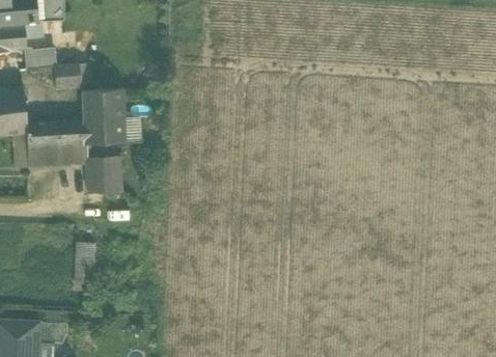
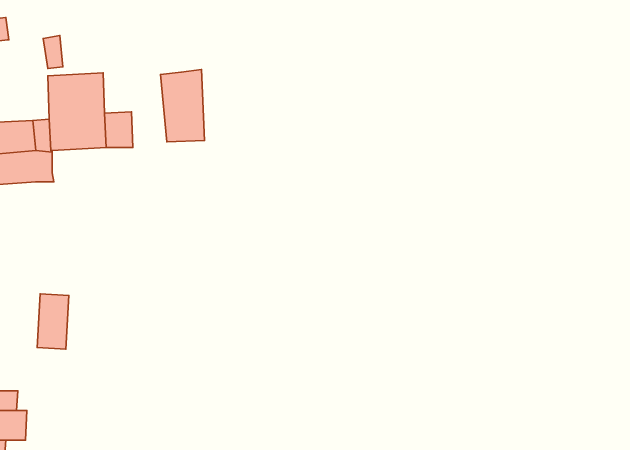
building: [53,63,81,88] -> none
building: none -> [161,70,204,142]
building: [84,156,119,192] -> none

